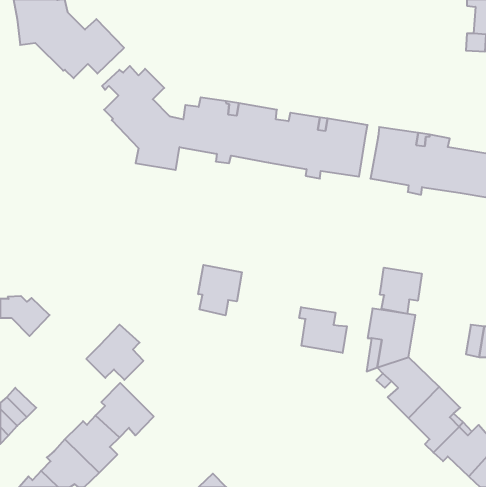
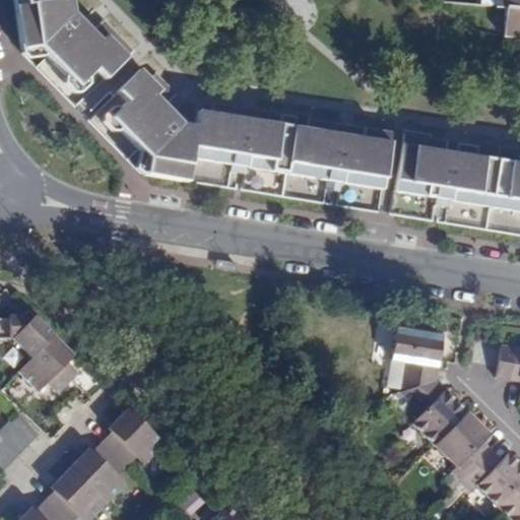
building: [198,265,242,315] -> none
building: [380,268,422,314] -> none
building: [299,307,347,353] -> none
building: [86,325,143,380] -> [19,335,80,394]

